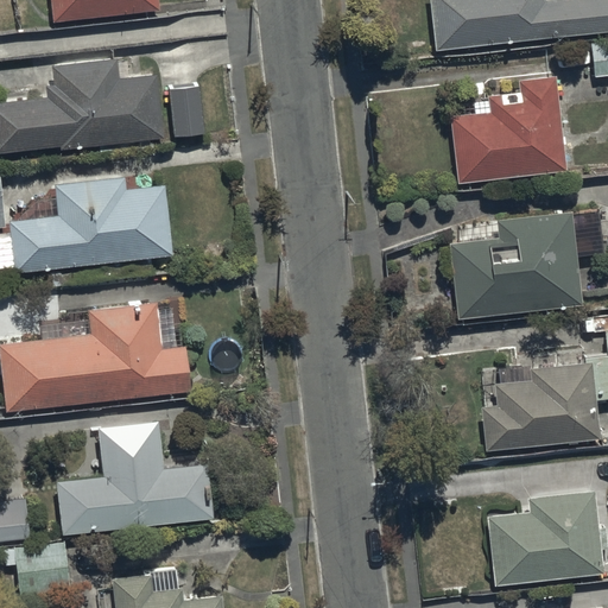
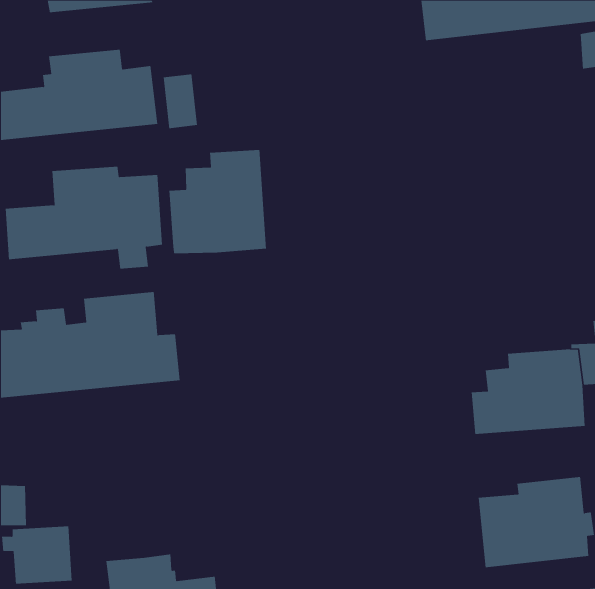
building: [451,77,563,184] -> none
building: none -> [169,149,266,254]
building: [450,213,602,318] -> none
building: [56,422,214,533] -> none

